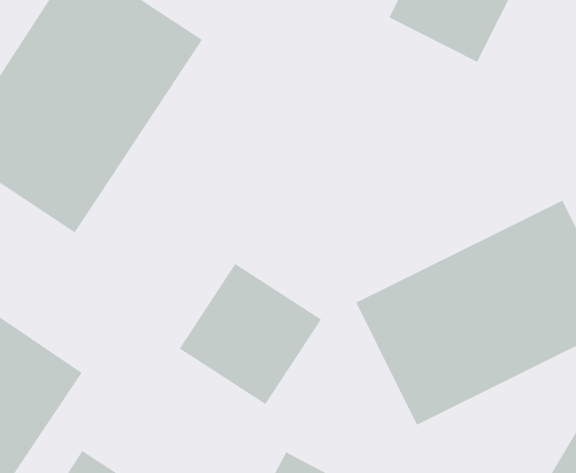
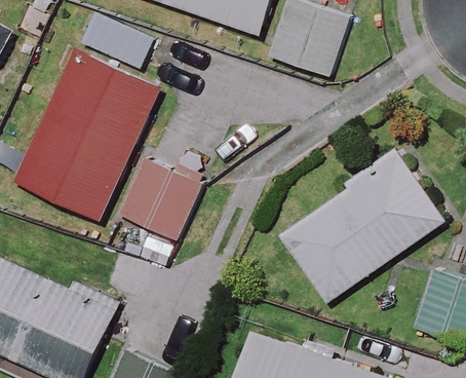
building: [179,263,322,405] -> [116,156,200,239]

